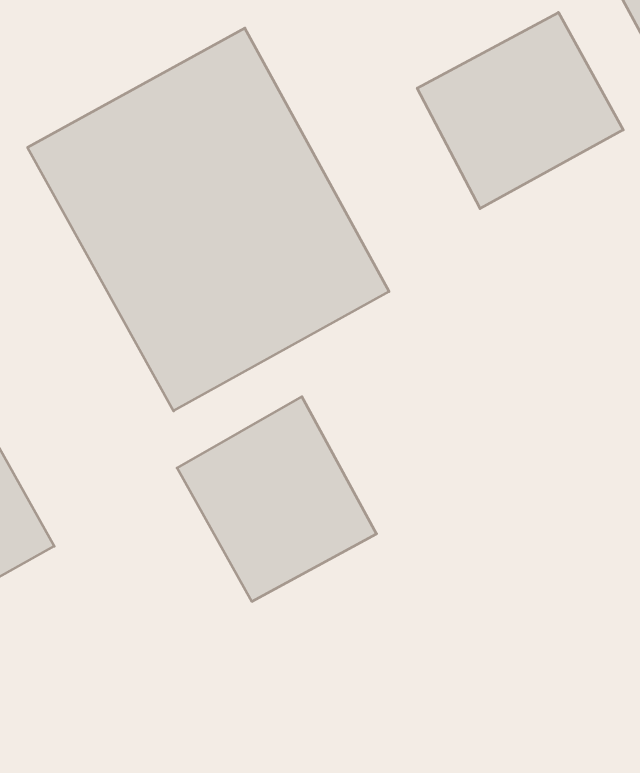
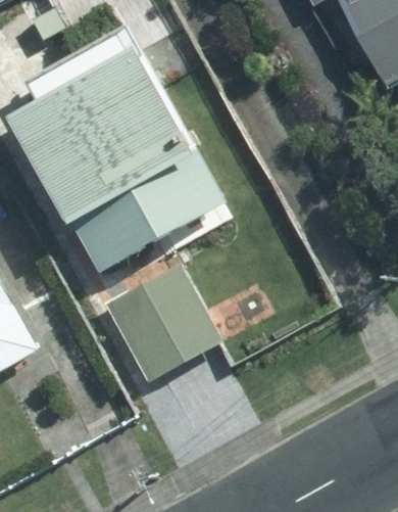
building: [417,12,623,209] -> none

